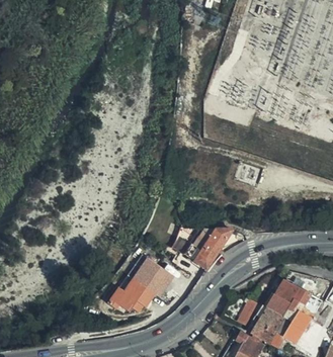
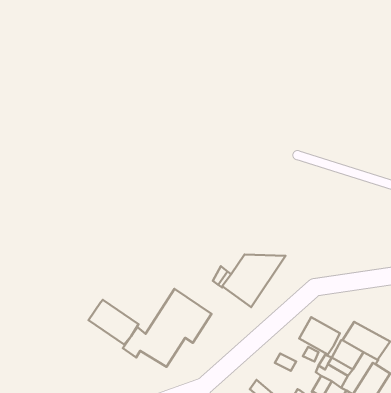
building: none -> [88,300,138,345]
building: none -> [299,317,340,355]

